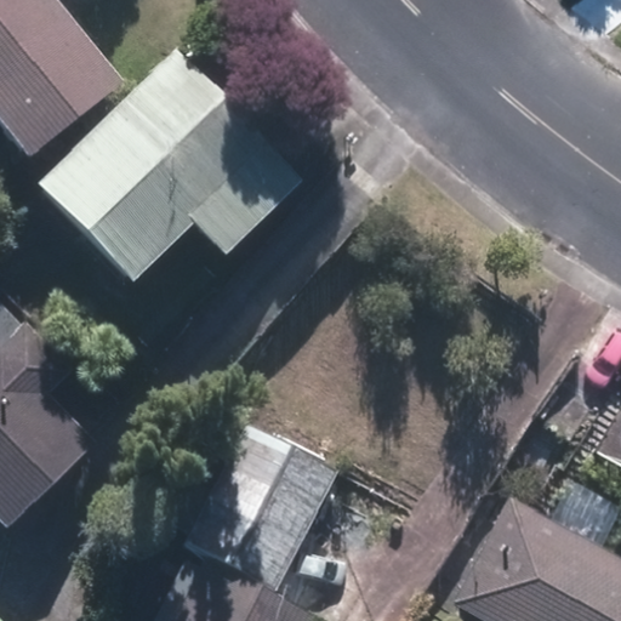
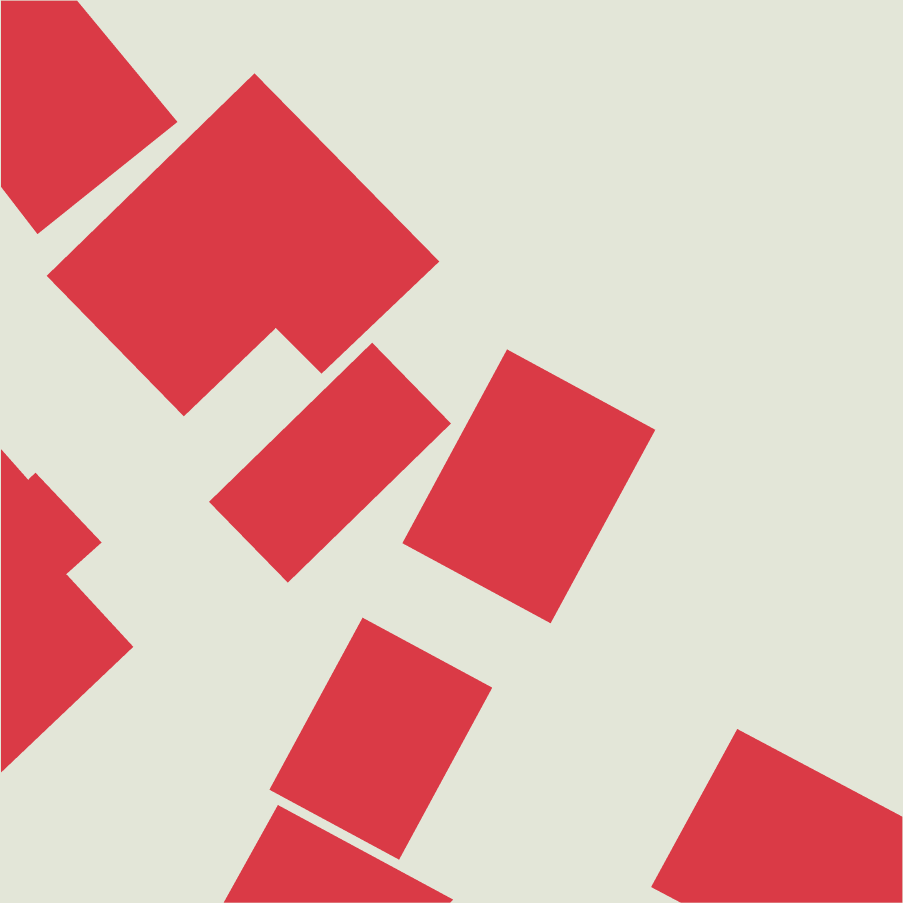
building: none -> [208,342,452,584]
building: none -> [402,349,656,624]

